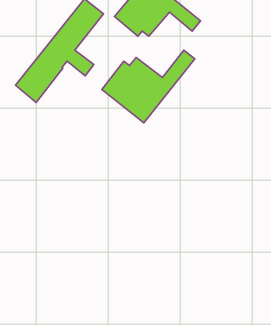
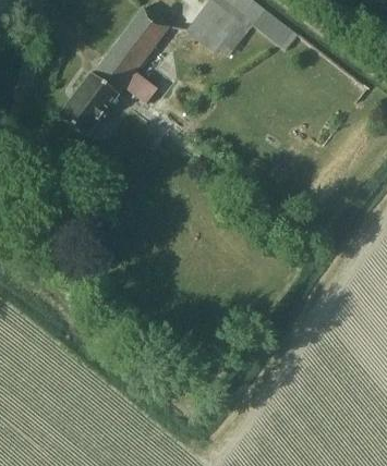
building: [102,50,195,123] -> none

